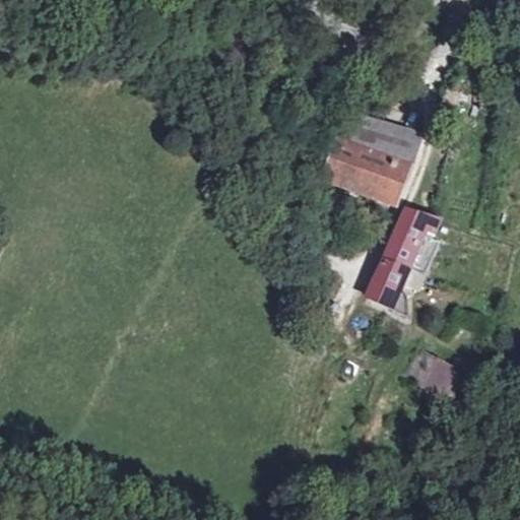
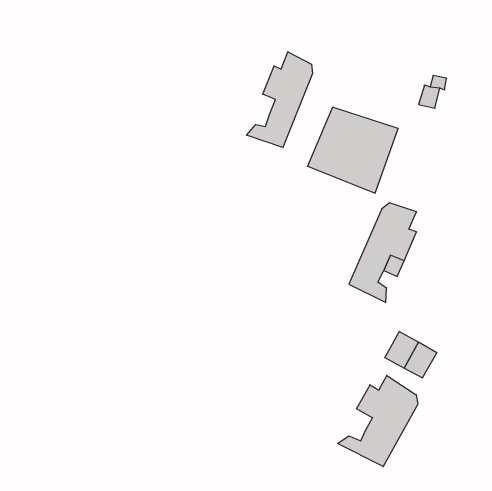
building: none -> [247,52,313,148]
building: none -> [338,375,418,467]

